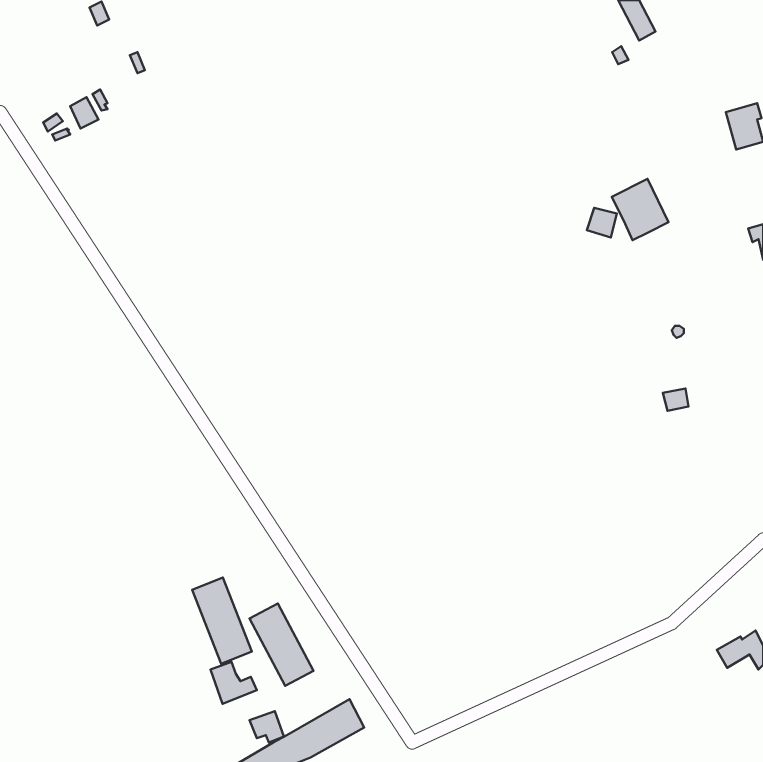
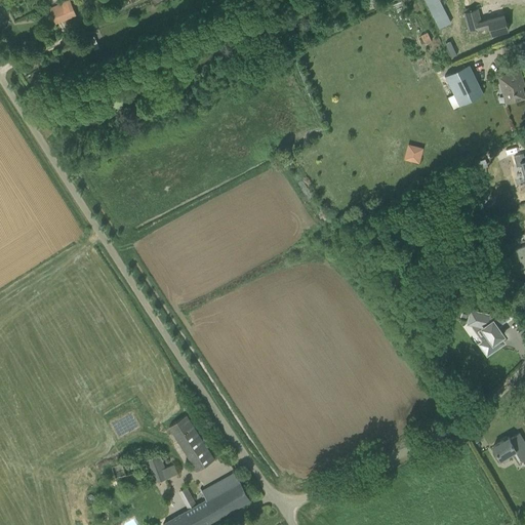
building: none -> [463,9,509,36]
building: [612,179,668,240] -> [444,65,483,107]
building: none -> [468,308,509,355]
building: [192,578,252,664] -> none

